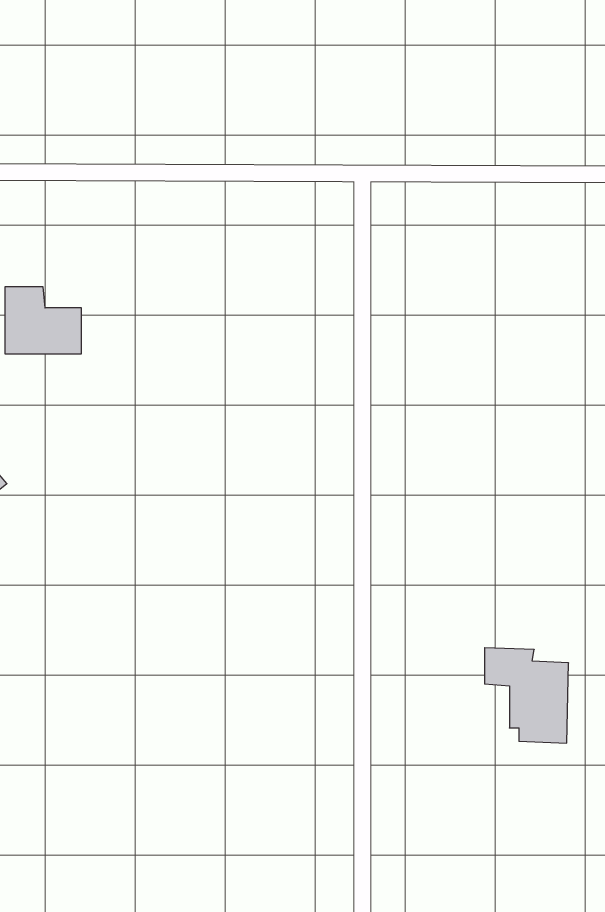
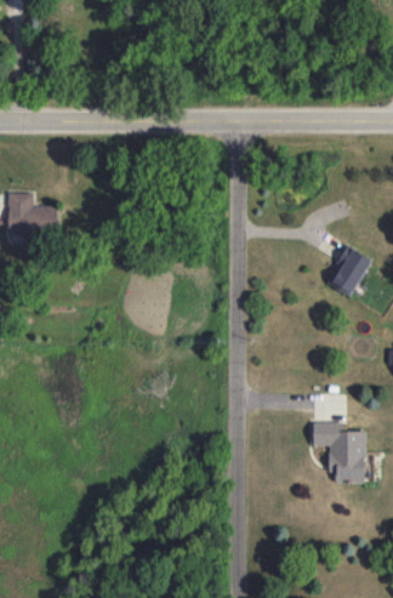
building: none -> [326,246,371,297]

